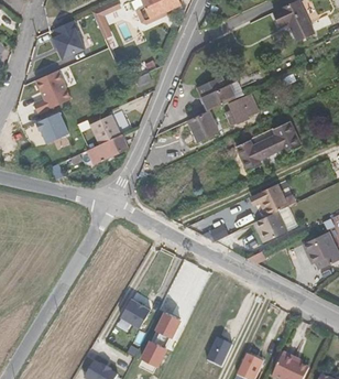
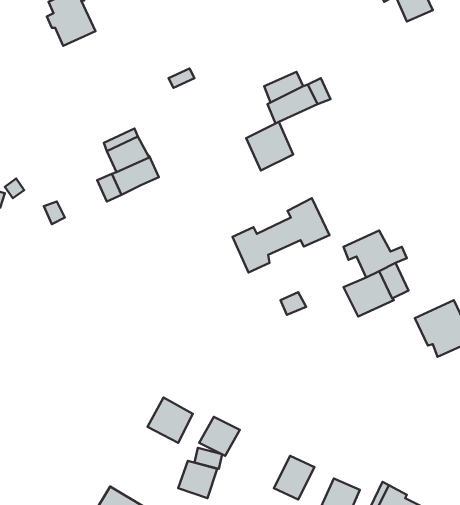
building: [35,67,73,111] -> none
building: [228,93,255,123] -> none
building: [35,110,68,142] -> none
building: [236,120,302,171] -> [232,198,330,273]

